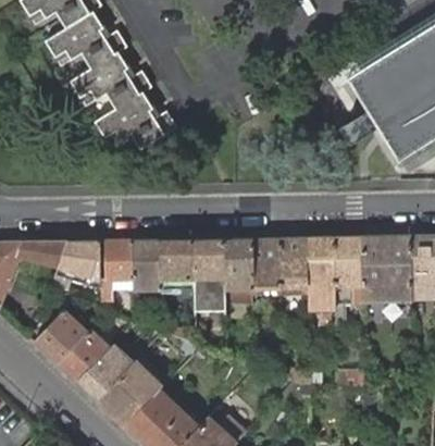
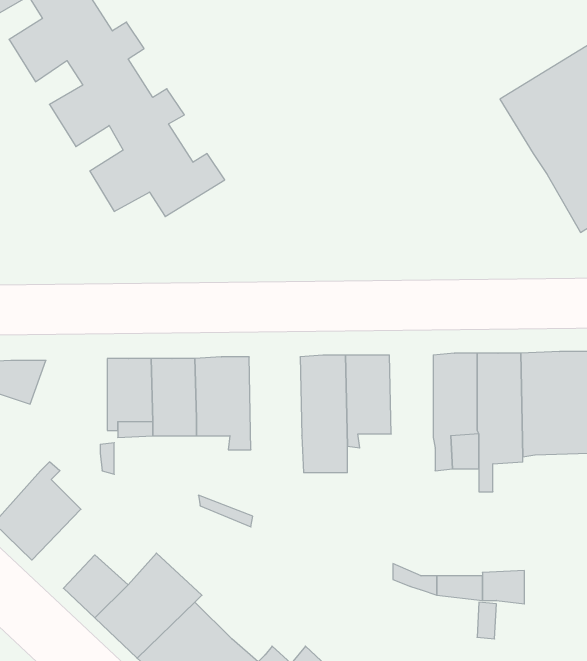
building: [281,237,308,288] -> none
building: [194,238,227,310] -> none
building: [54,240,101,287] -> none
building: [59,331,110,382] -> none

